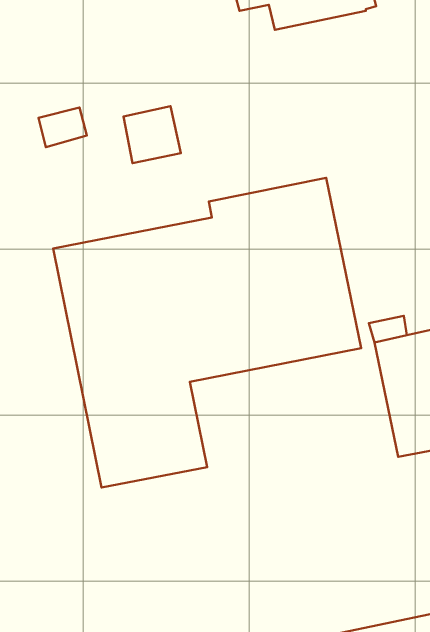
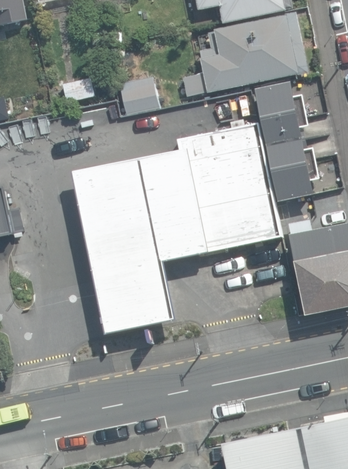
building: none -> [180,11,307,95]
building: none -> [253,82,313,201]

